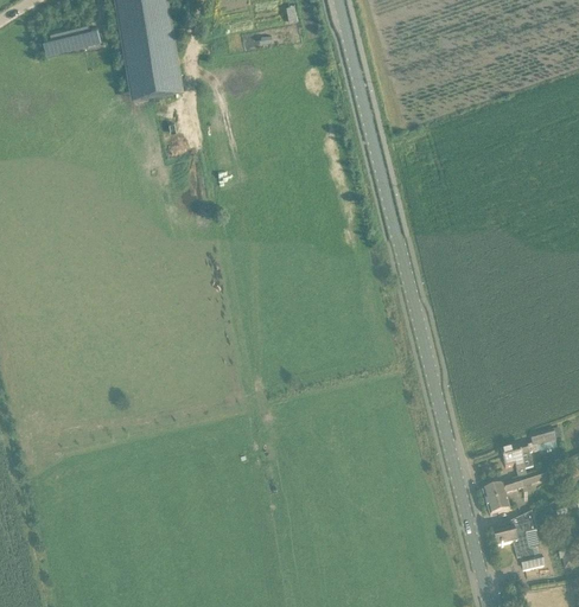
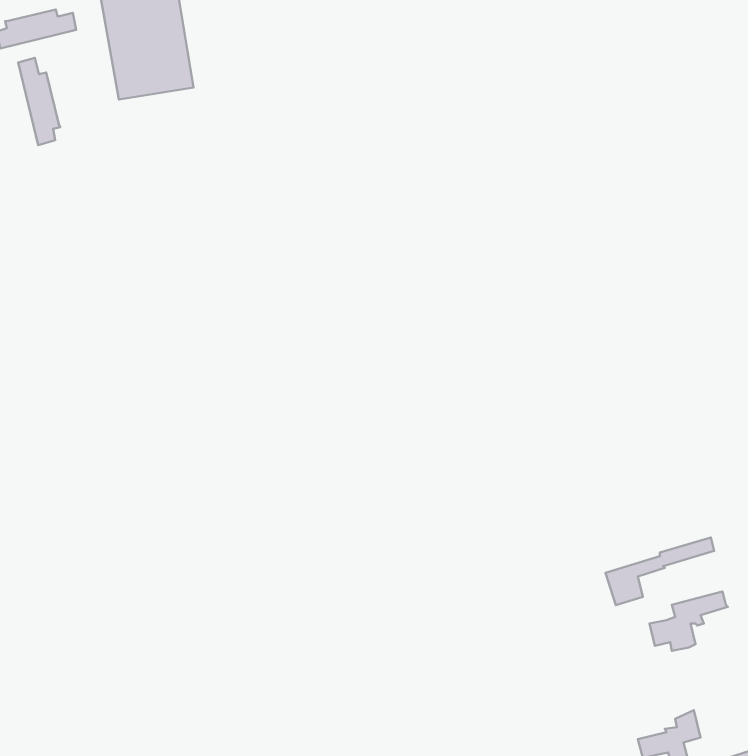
building: none -> [18,58,60,145]
building: [483,469,559,517] -> [606,537,714,605]

